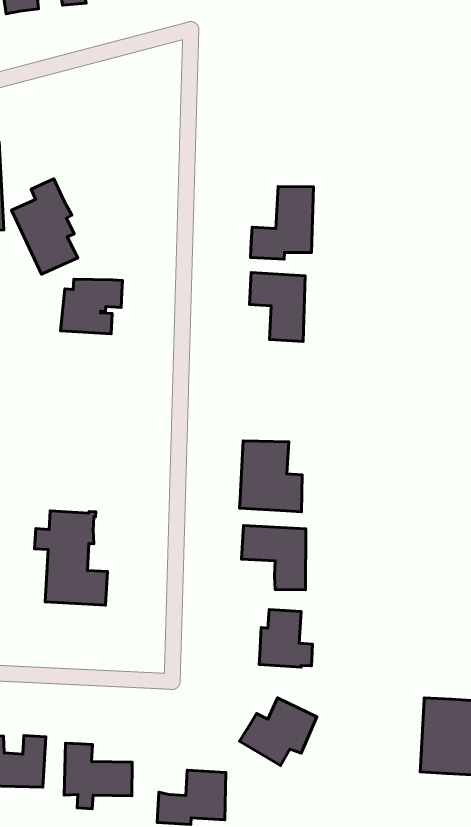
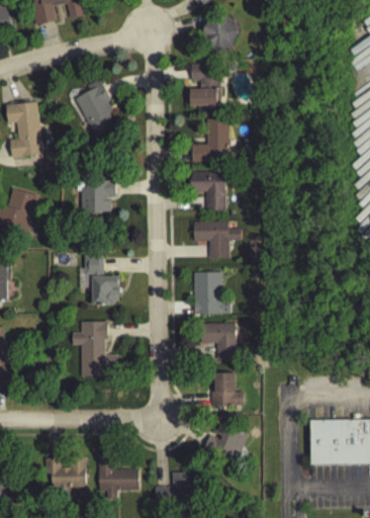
building: none -> [202,17,239,50]
building: none -> [191,63,220,105]
building: [11,179,78,274] -> [75,78,116,136]
building: none -> [193,220,240,258]
building: none -> [84,255,120,305]

